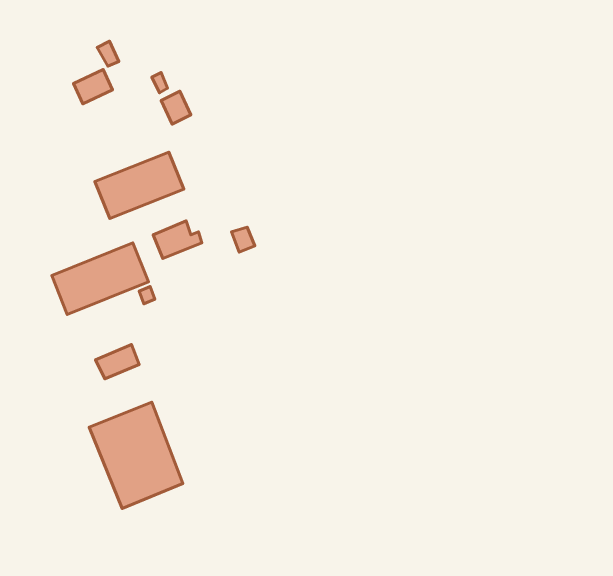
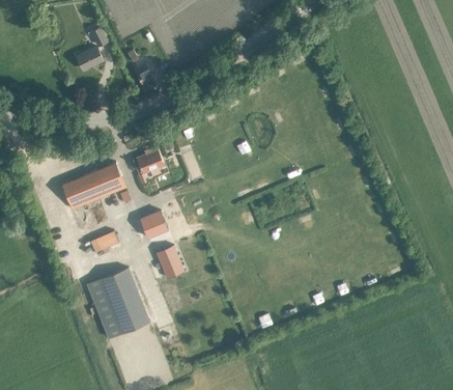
building: [95,152,184,219] -> none
building: none -> [140,212,168,239]
building: none -> [157,246,185,279]

